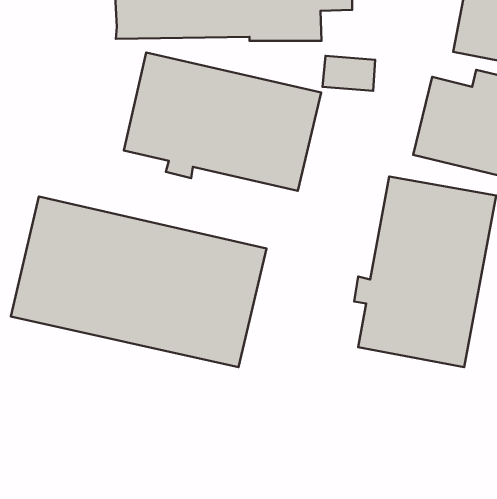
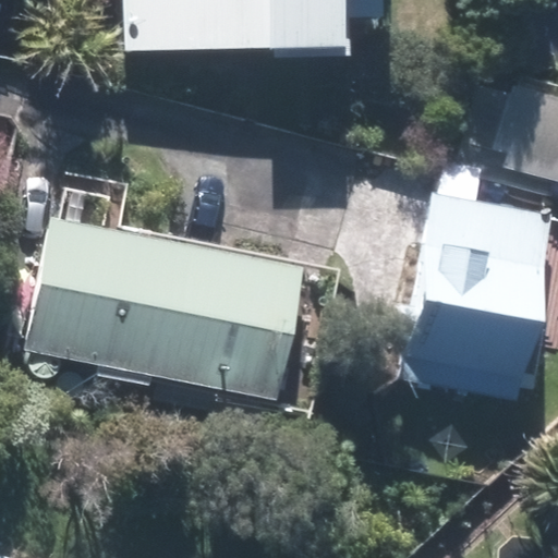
building: [124,52,321,191] -> none

